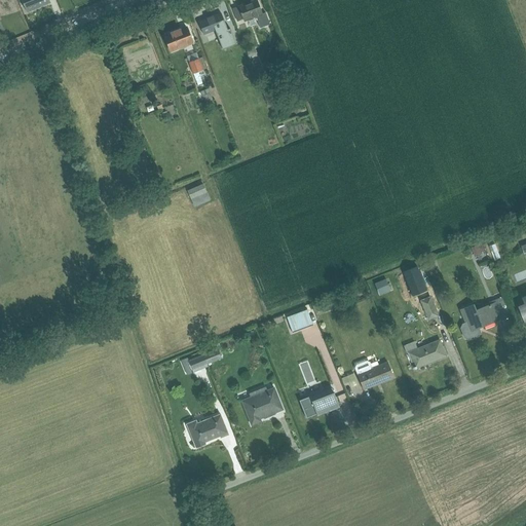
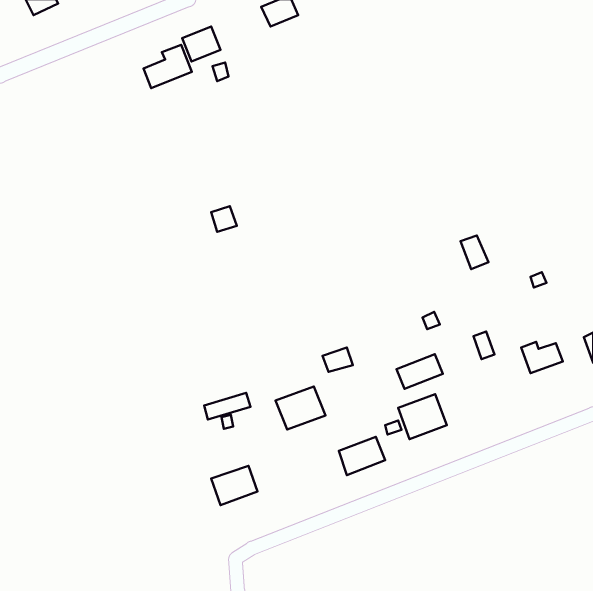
building: [197,10,228,36] -> none
building: none -> [144,45,192,88]
building: [402,264,426,294] -> [461,235,488,269]
building: [407,338,448,369] -> [396,354,443,389]
building: [240,386,285,424] -> [276,387,325,429]

